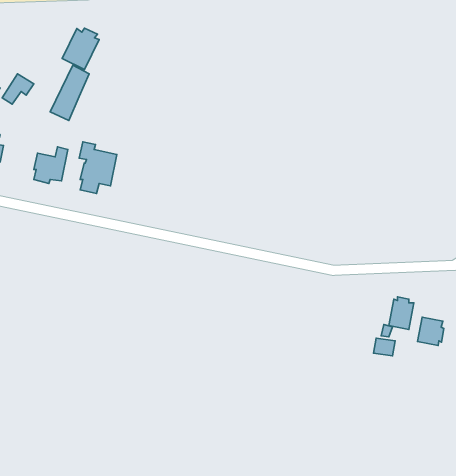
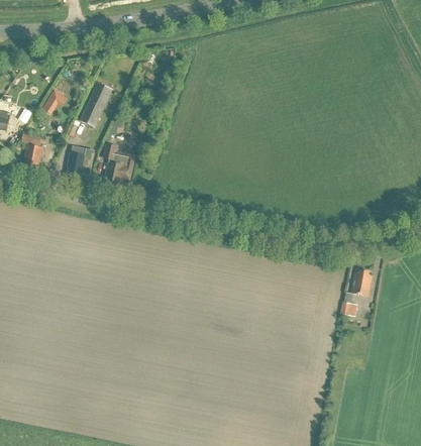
building: [62,28,99,70] -> none
building: [417,317,444,346] -> none

